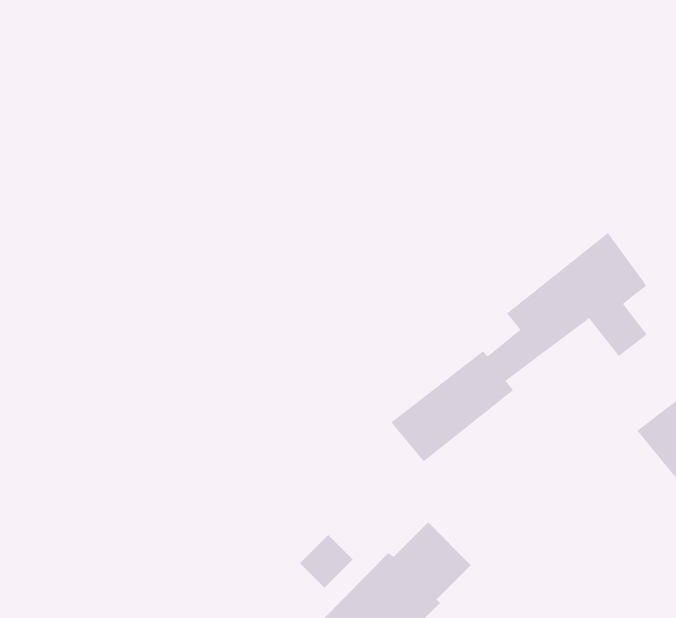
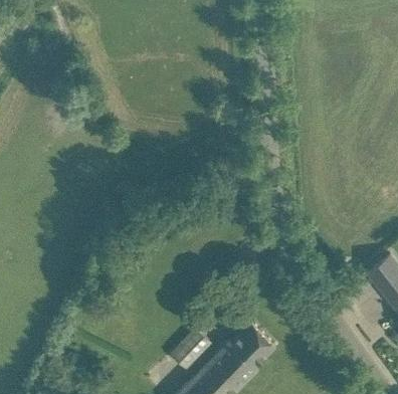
building: [391,232,648,462] -> none

